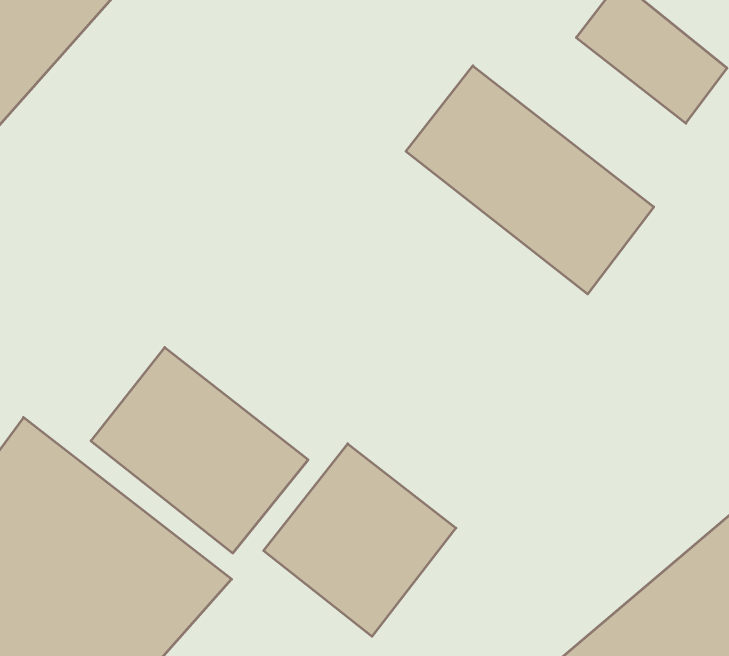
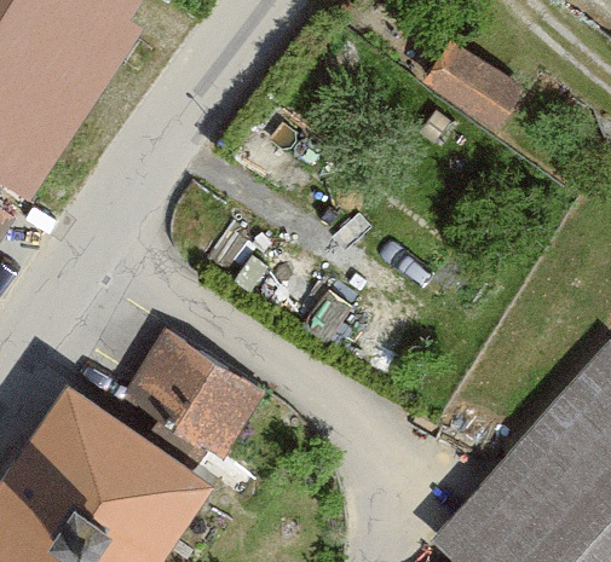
building: [406,66,654,294] -> none
building: [264,444,456,636] -> none

